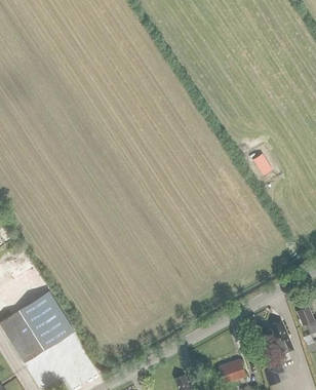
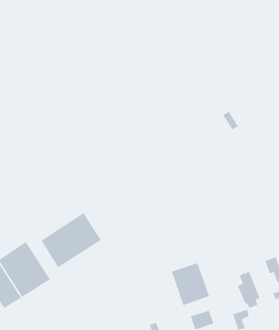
building: none -> [41,212,102,268]
building: none -> [171,262,211,306]

